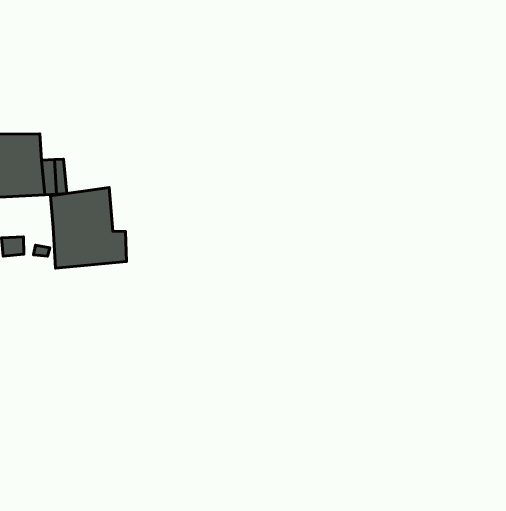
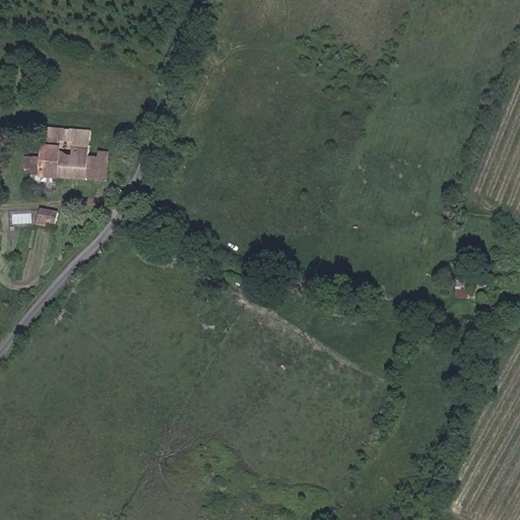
building: [51,188,127,268] -> none

